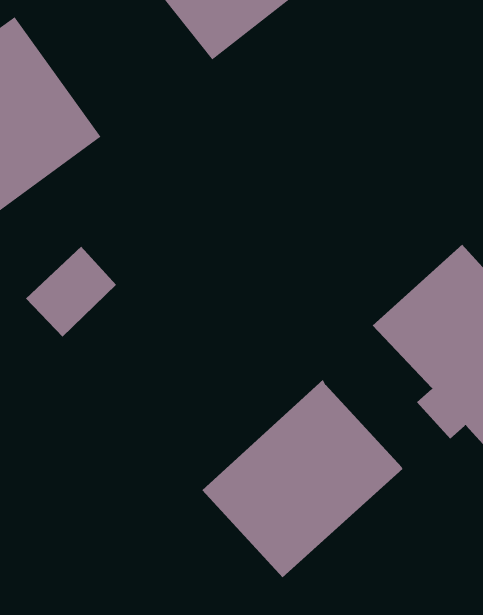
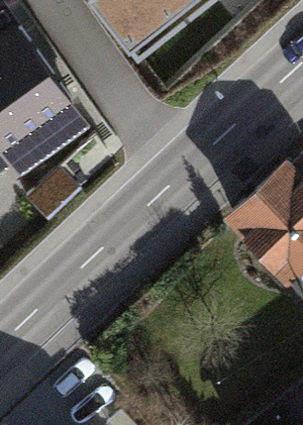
building: [202,379,403,578] -> none

